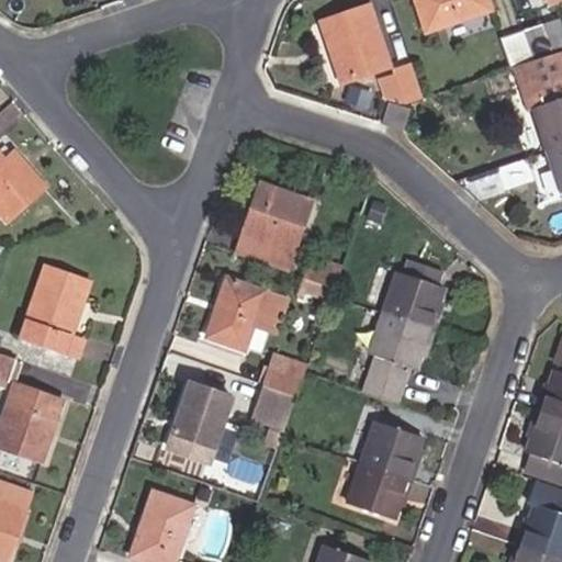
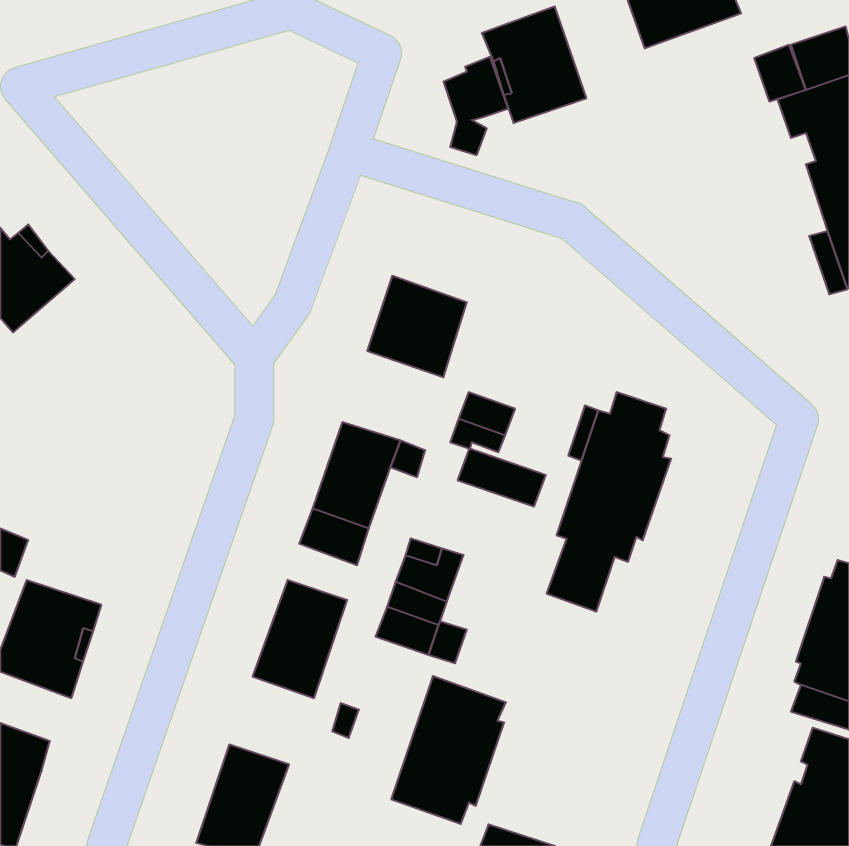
building: [378,63,420,127] -> [443,57,508,155]
building: [235,232,293,270] -> [458,448,546,507]
building: [23,265,93,356] -> none
building: [346,422,422,519] -> [391,676,506,824]

